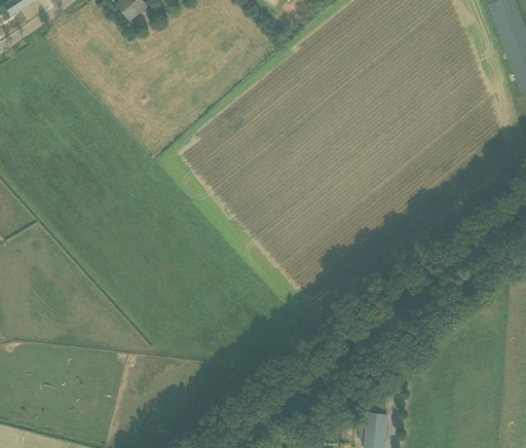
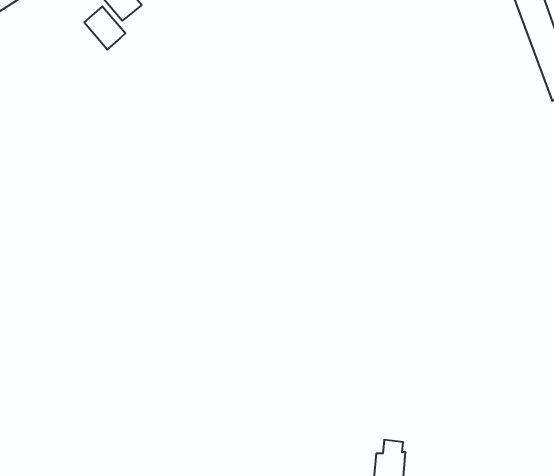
building: none -> [84,6,125,50]

